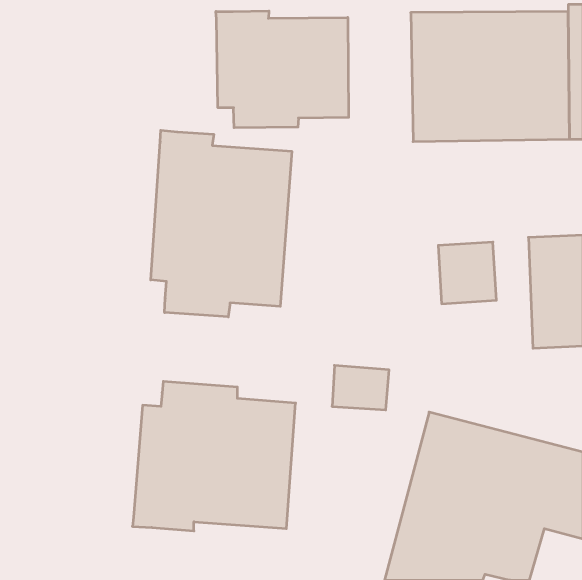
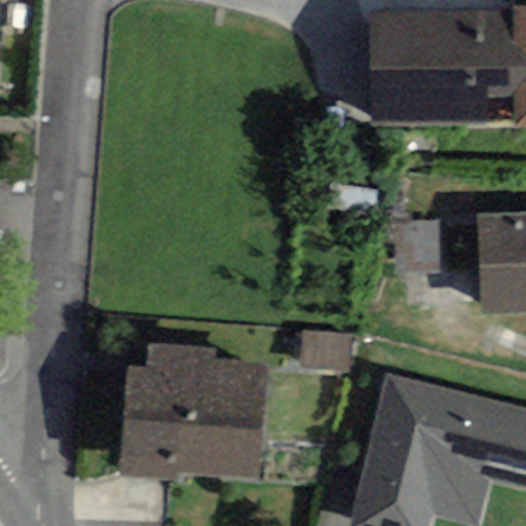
building: [216,11,349,128] -> none
building: [151,130,292,317] -> none

